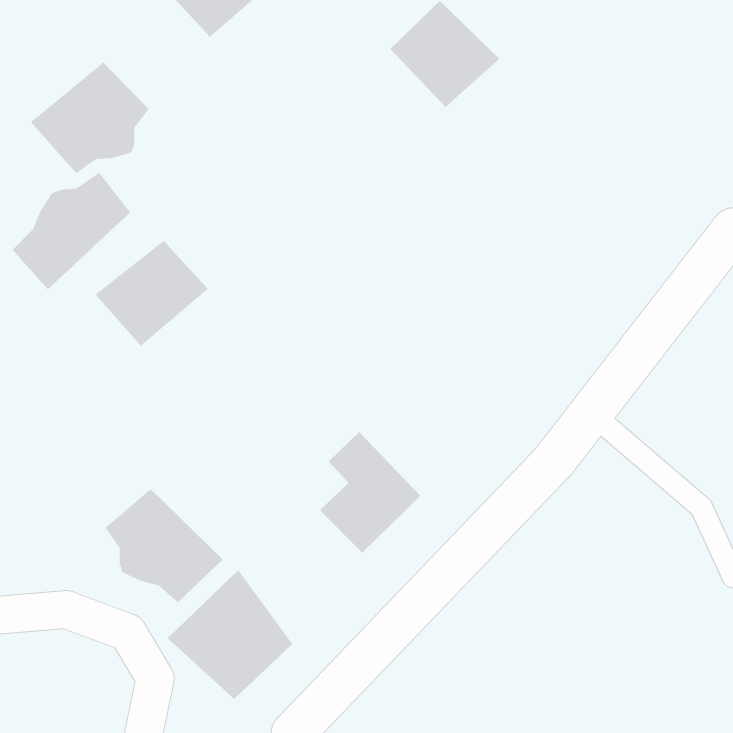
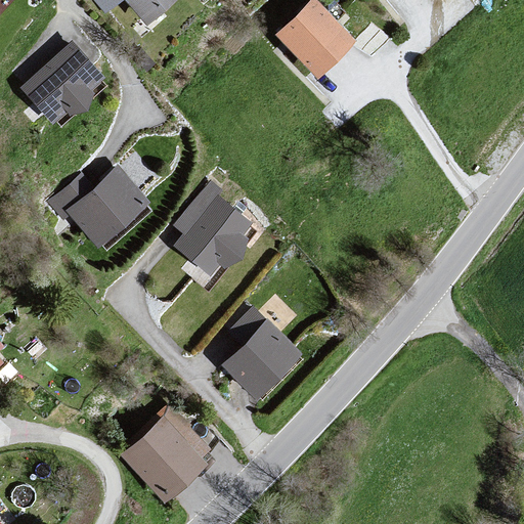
building: [12,172,131,290] -> none
building: none -> [170,178,251,273]
building: [105,488,223,603] -> none

